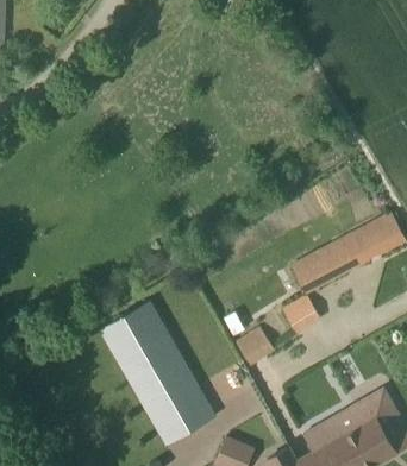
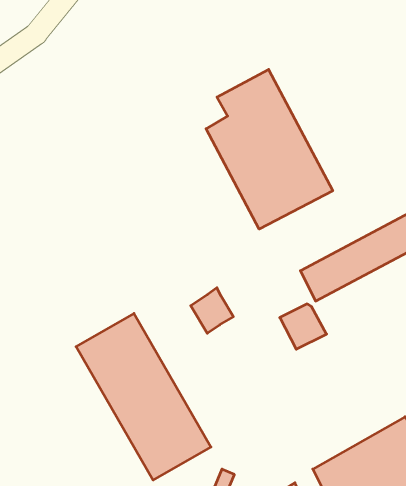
building: none -> [206,69,333,229]
building: [238,325,275,364] -> [191,288,233,333]

